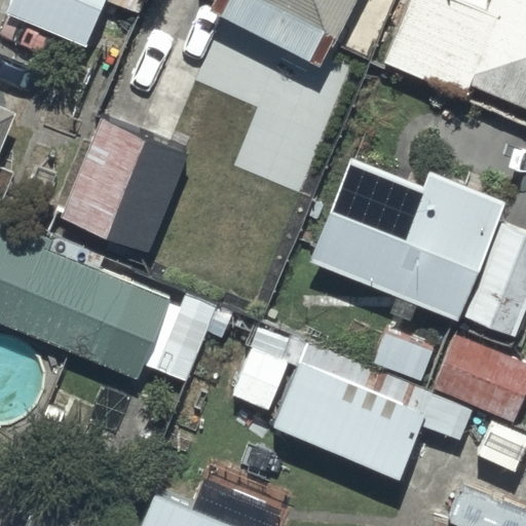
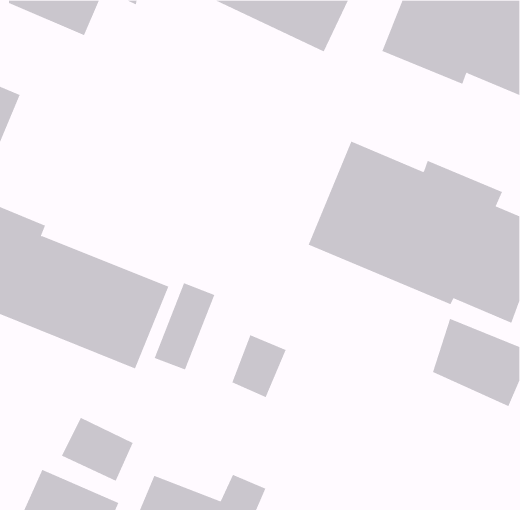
building: [63,48,206,252] -> none
building: [274,329,436,476] -> none

